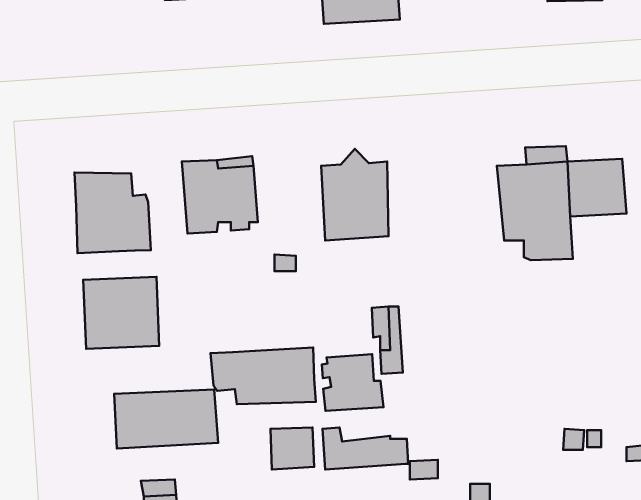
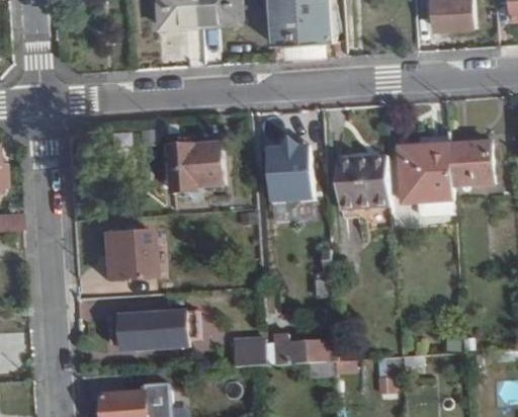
building: [75,173,151,253] -> none
building: none -> [333,158,387,211]
building: [211,347,316,404] -> none
building: [322,354,383,411] -> none

